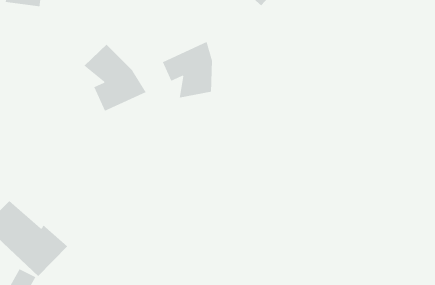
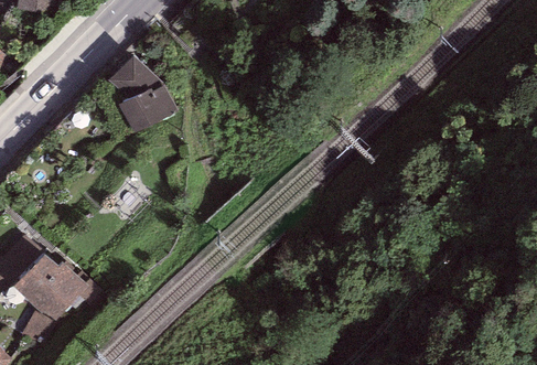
building: [162,41,213,98] -> none

